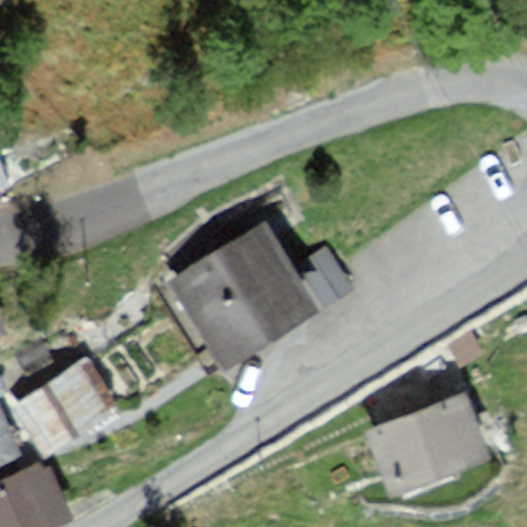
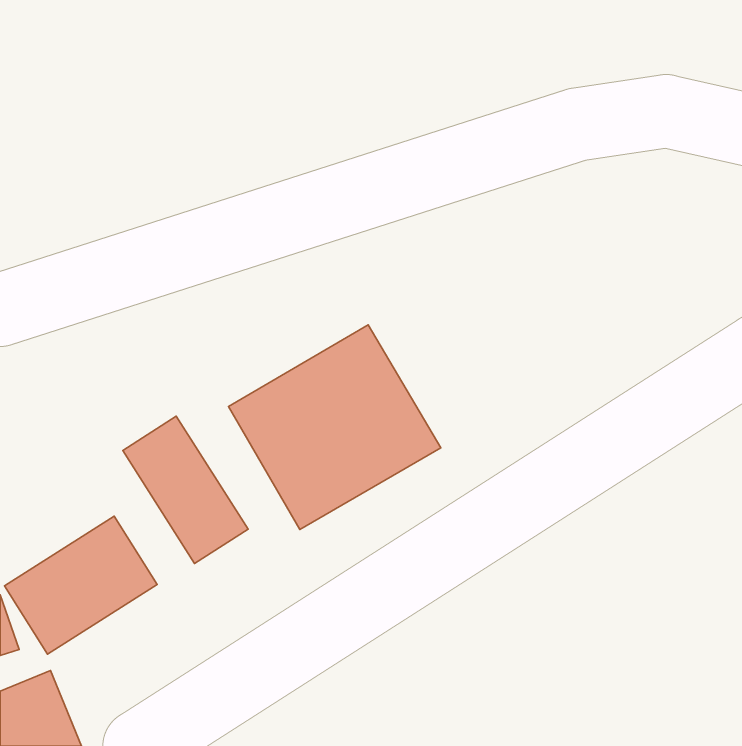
building: none -> [123,416,248,563]
building: [364,398,484,491] -> none

